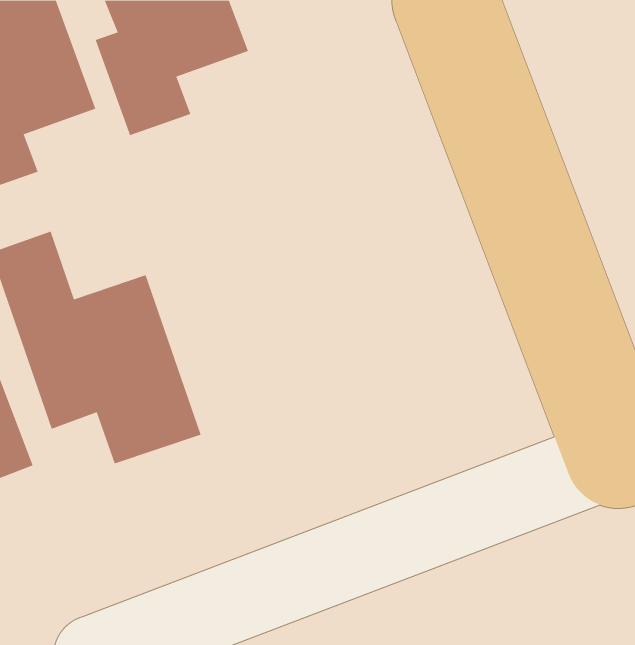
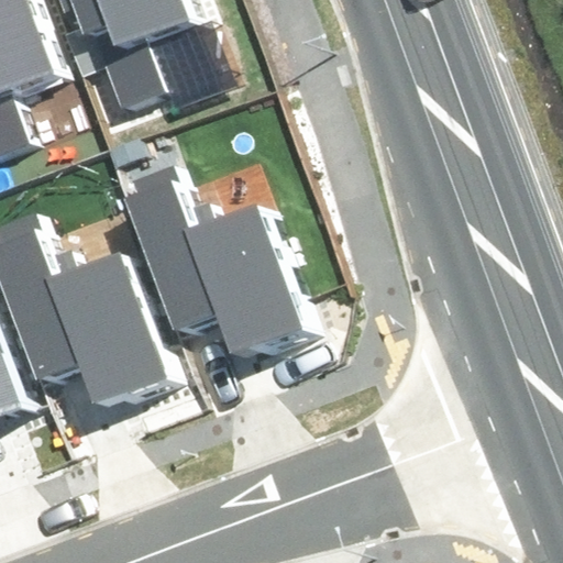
building: none -> [122,165,303,365]

